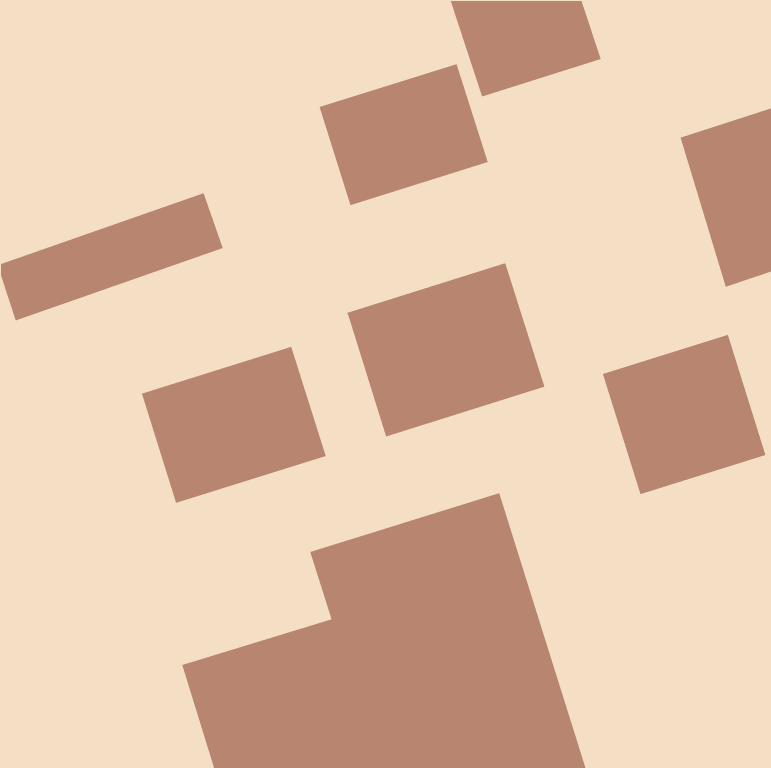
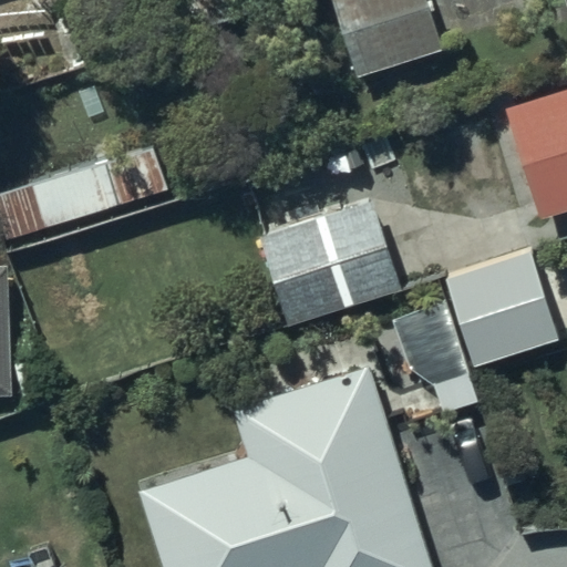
building: [319,63,489,206] -> none
building: [141,346,327,504] -> none

